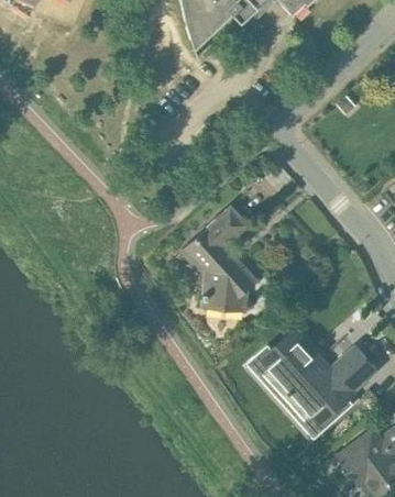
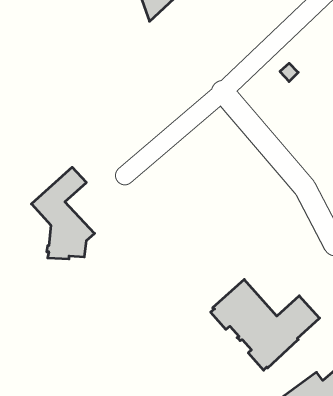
building: [186,208,254,307] -> [31,167,95,259]

